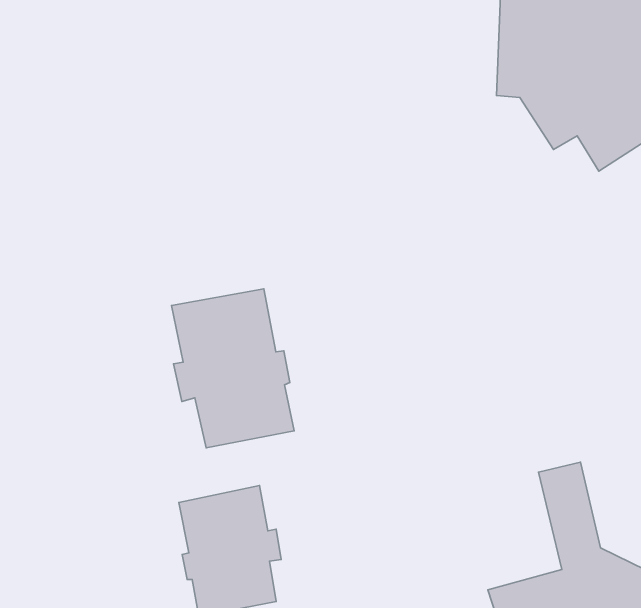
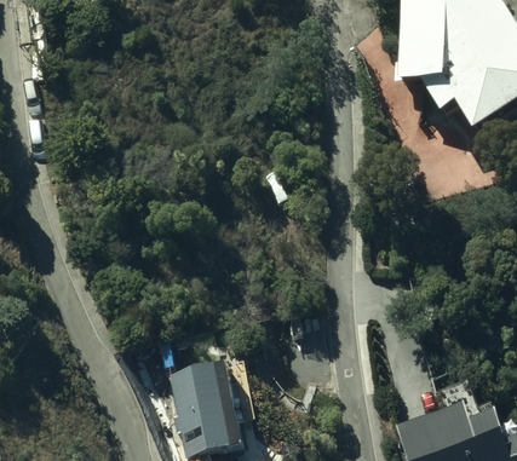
building: [171,289,294,448] -> none

